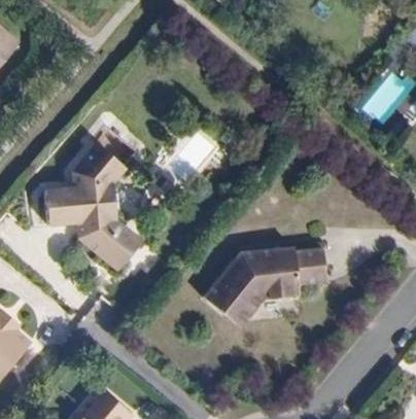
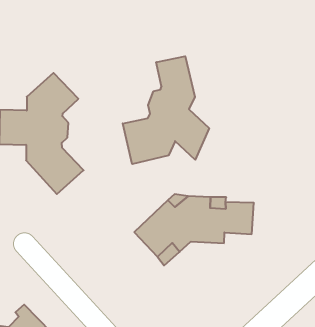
building: none -> [123,56,209,164]

